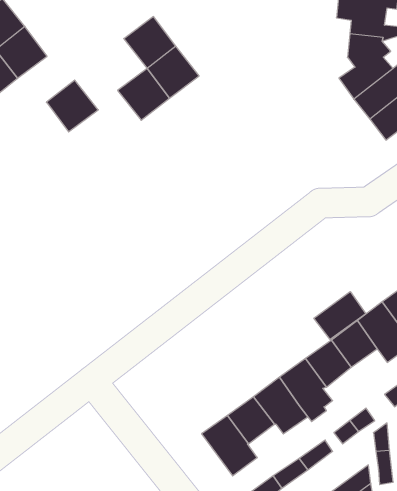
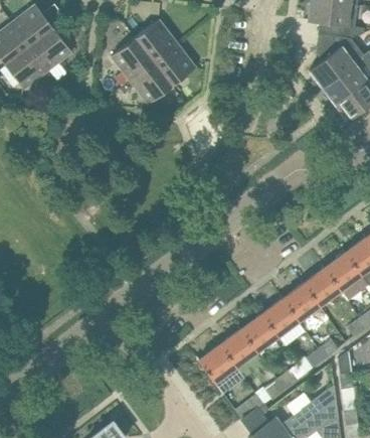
building: [46,80,98,132] -> [112,37,154,80]
building: [314,292,366,339] -> none

